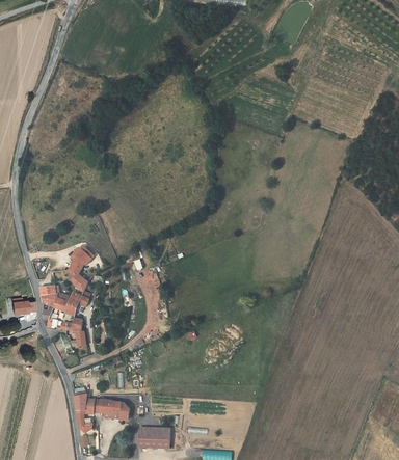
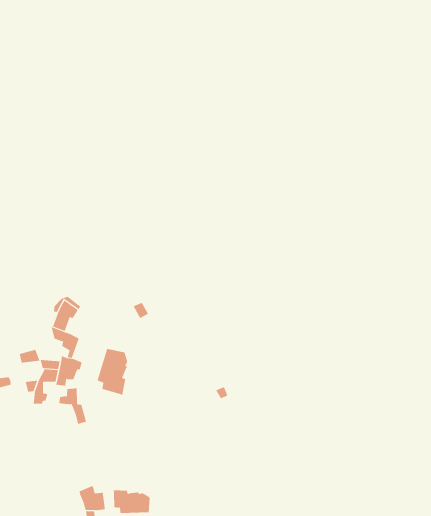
building: none -> [97,348,128,396]

